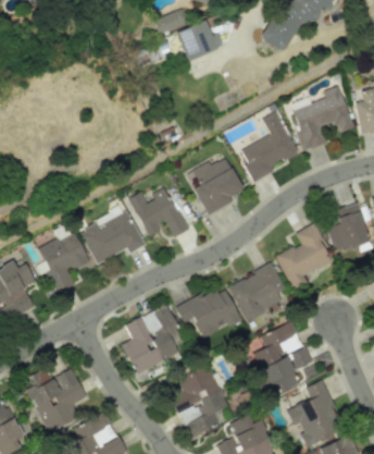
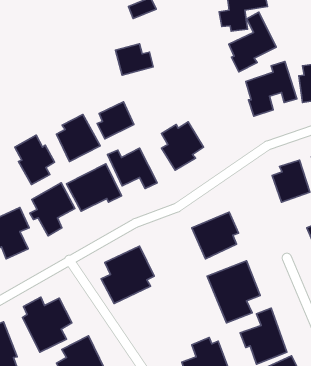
building: [179,22,224,59] -> [116,44,153,75]
building: [241,111,298,182] -> [229,12,276,72]
building: none -> [97,102,134,139]
building: none -> [56,115,100,161]
building: none -> [15,135,55,184]
building: [277,223,333,289] -> none
building: [176,286,241,338] -> none
building: [171,364,228,437] -> none

